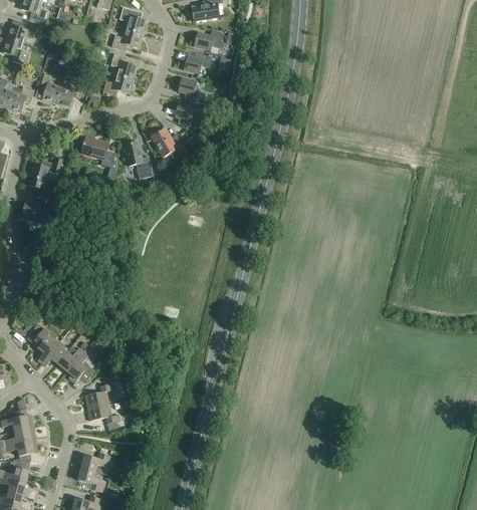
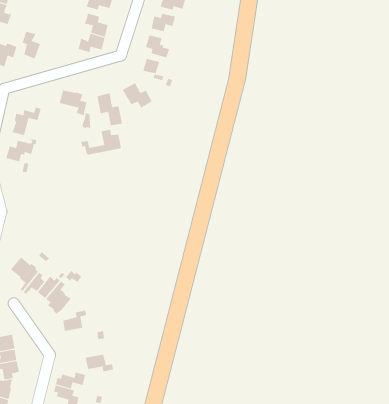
building: [55,80,86,107] -> none
building: none -> [81,129,121,156]
building: [87,403,120,423] -> [85,354,114,372]

